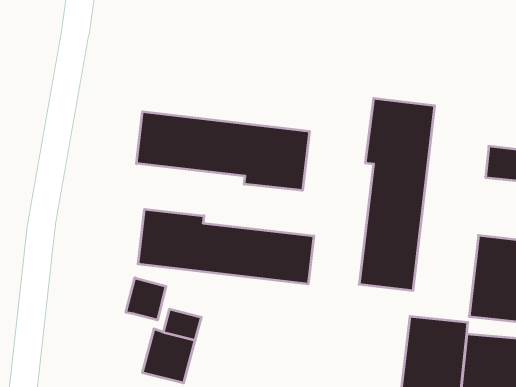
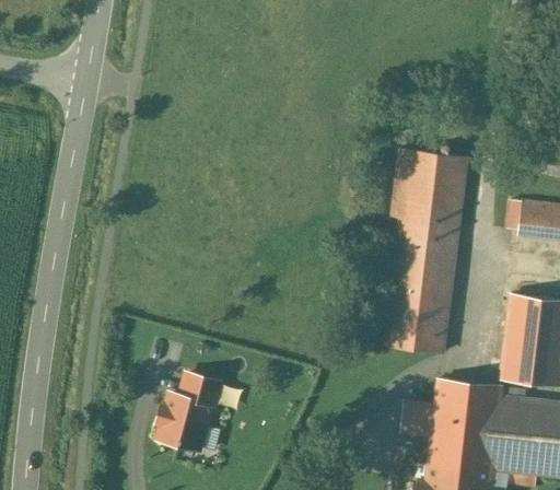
building: [136,112,309,190] -> none
building: [138,209,314,284] -> none
building: [126,278,166,320] -> none

